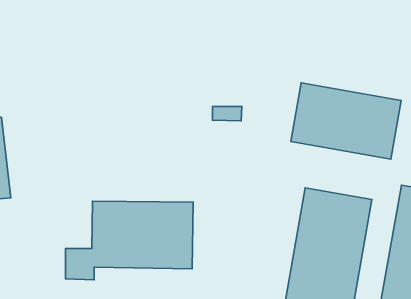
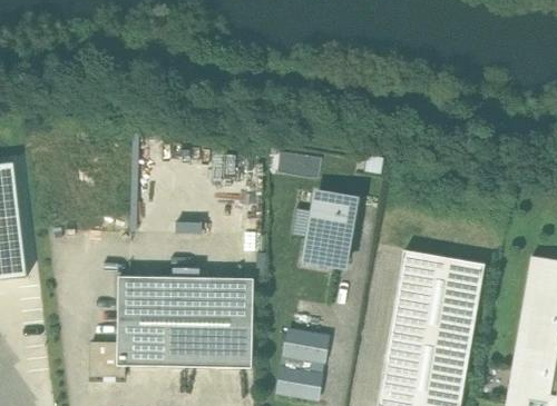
building: [291,83,401,159] -> none
building: none -> [305,190,356,265]
building: none -> [278,328,329,397]

